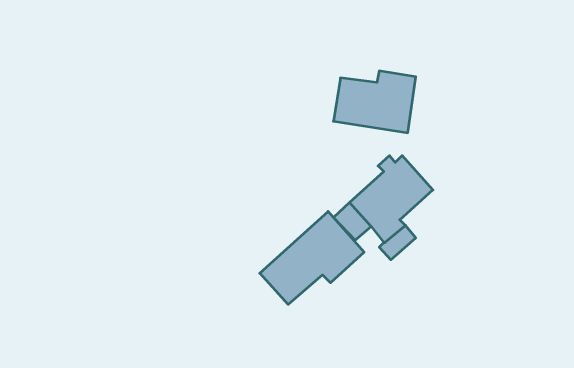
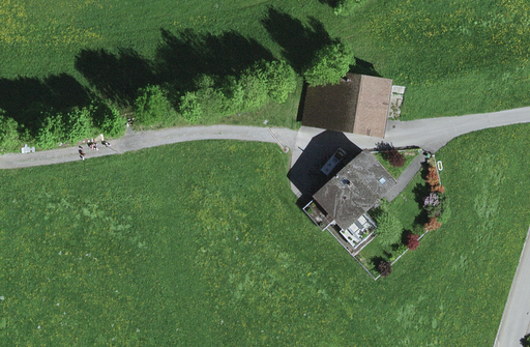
building: [260,211,364,304] -> none

